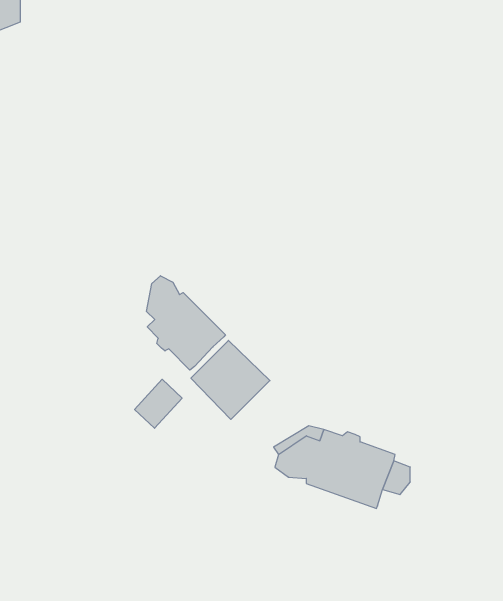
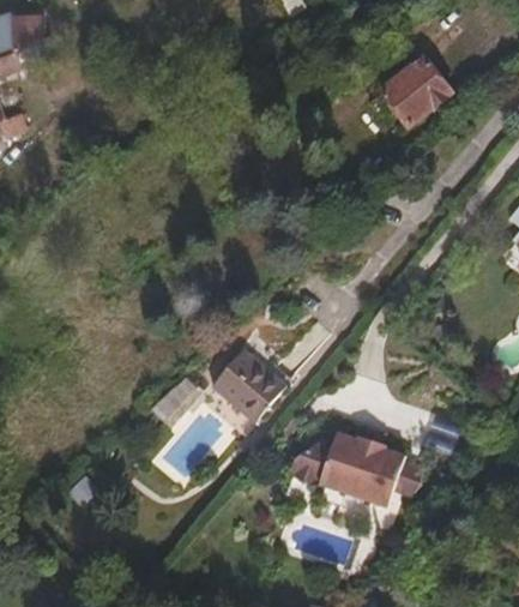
building: none -> [385,59,453,126]
building: [146,276,225,370] -> none

